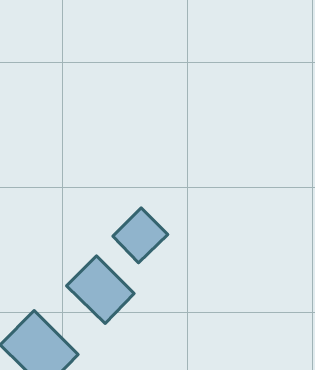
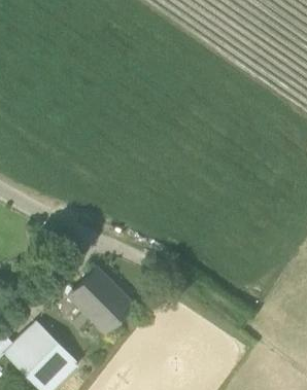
building: [113,208,168,263] -> none

